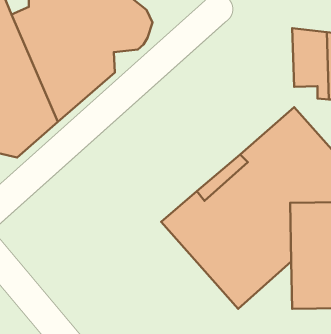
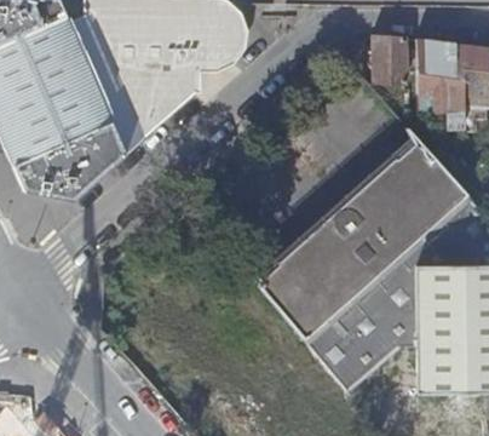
building: none -> [373,33,407,82]

